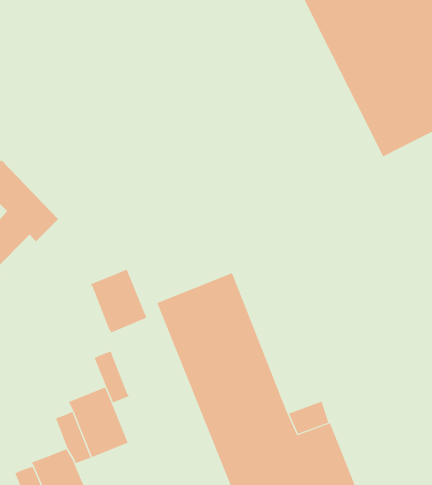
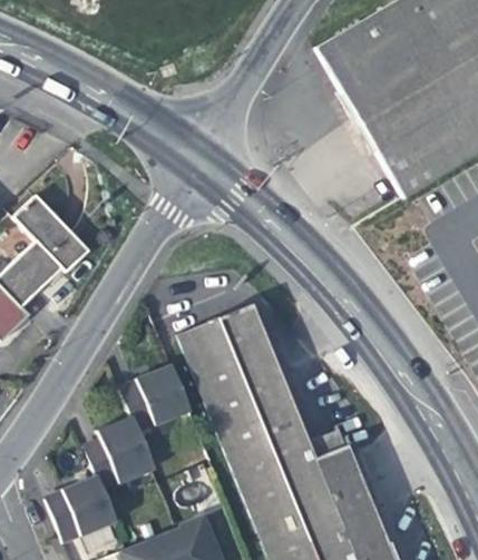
building: [90,269,147,333] -> [136,363,191,424]

